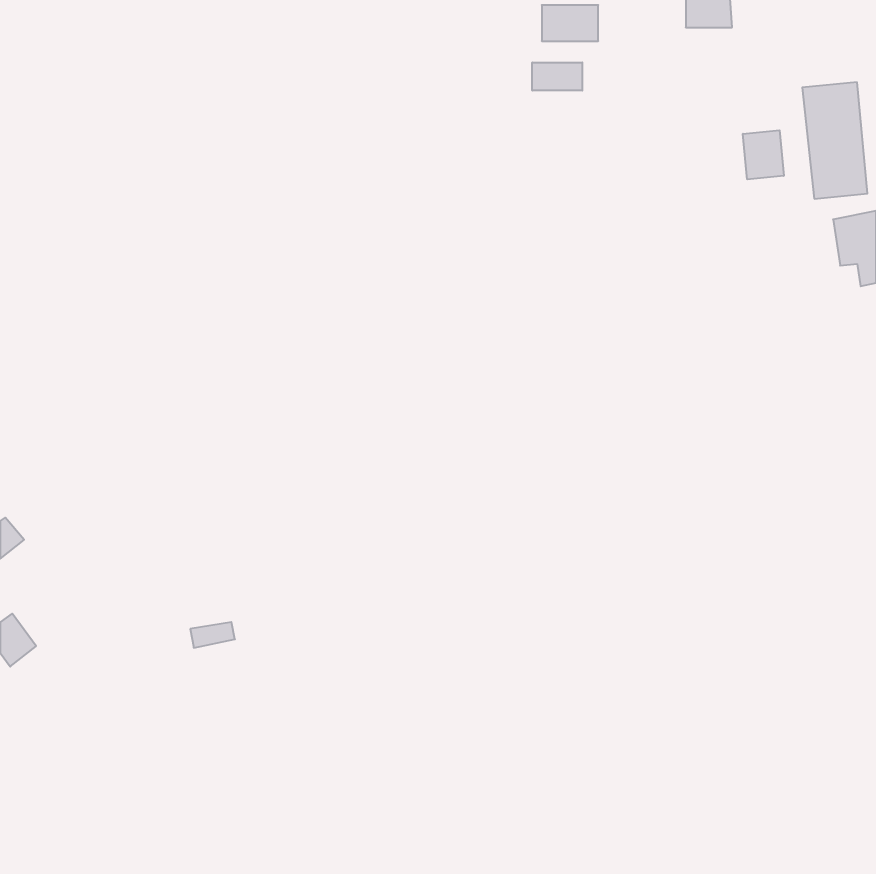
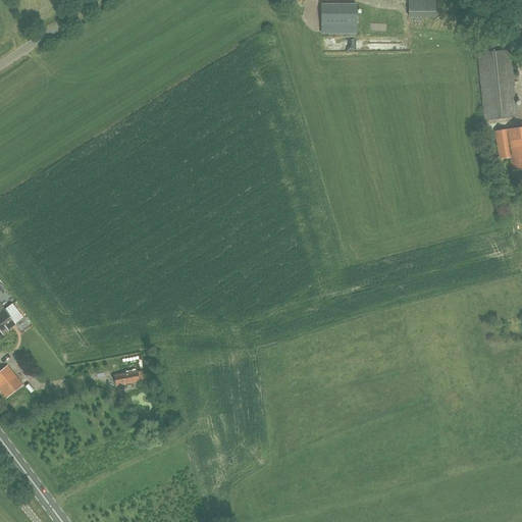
building: [532,62,582,91] -> none
building: [743,130,784,179] -> none

